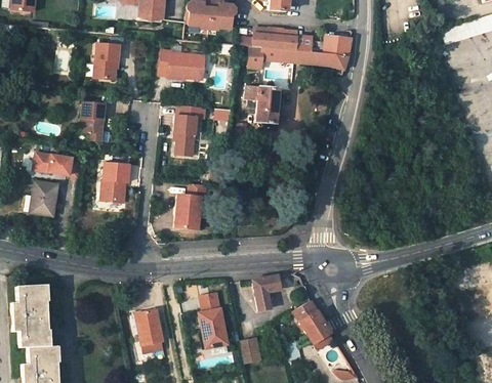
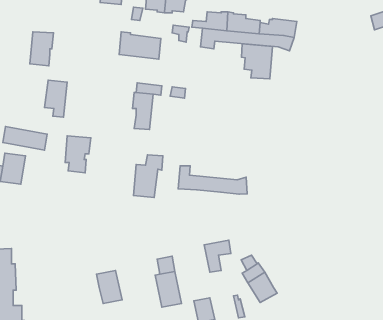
building: [93,43,119,80] -> [30,32,54,66]
building: [245,85,279,123] -> [241,44,273,79]
building: none -> [178,166,247,194]

